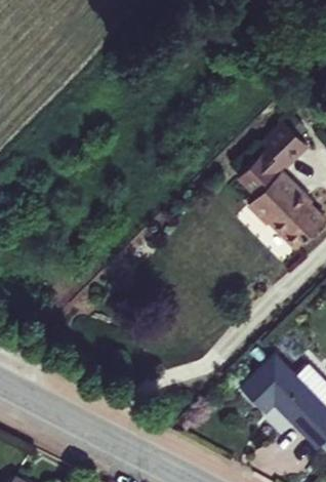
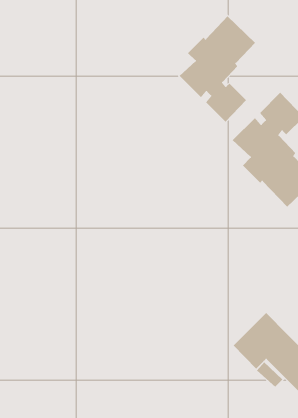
building: none -> [179,16,256,123]

